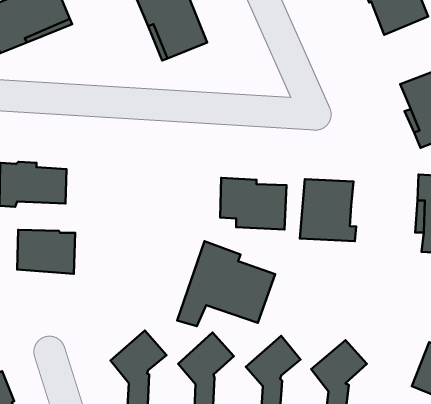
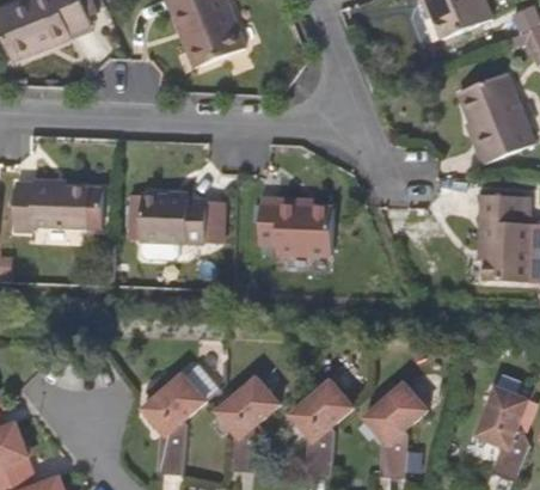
building: [300,179,356,241] -> none
building: [17,230,75,274] -> [142,197,207,246]
building: [177,241,275,326] -> none

